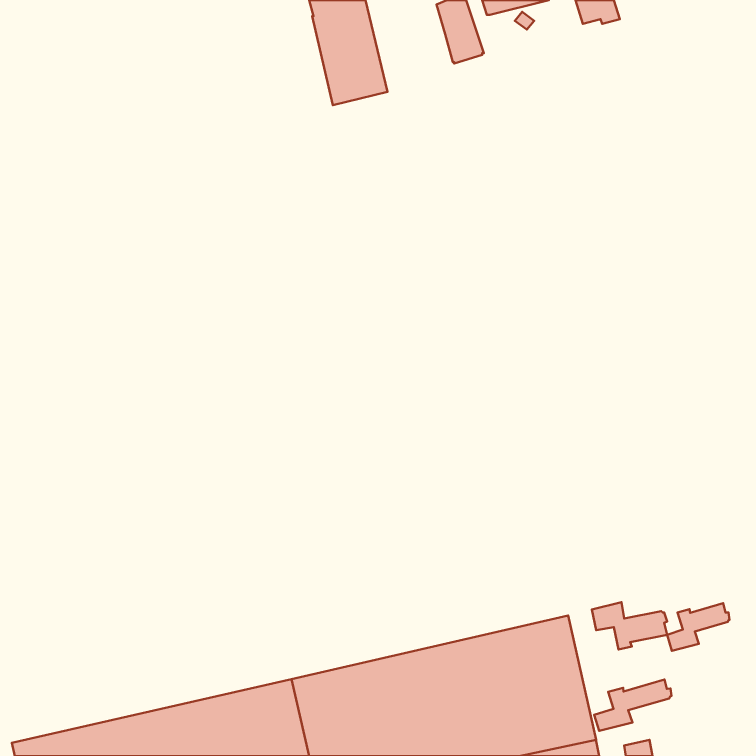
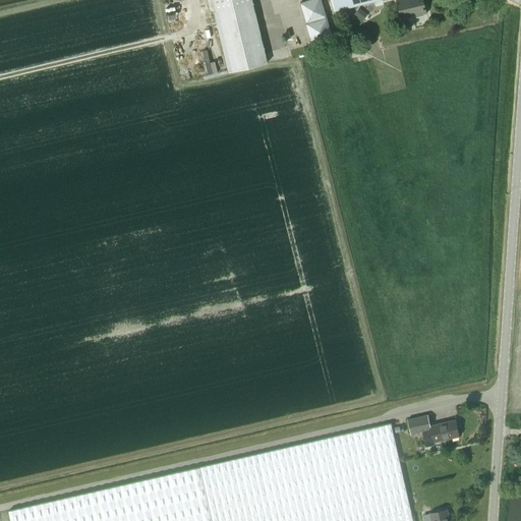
building: [667,603,730,651] -> none
building: [594,680,672,731] -> none

